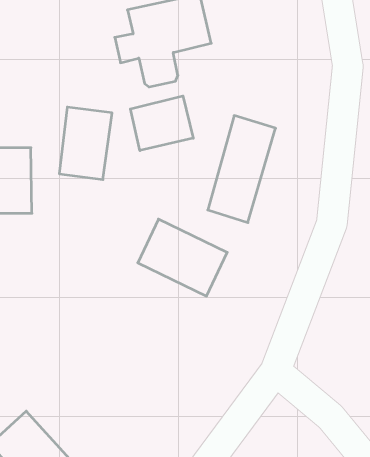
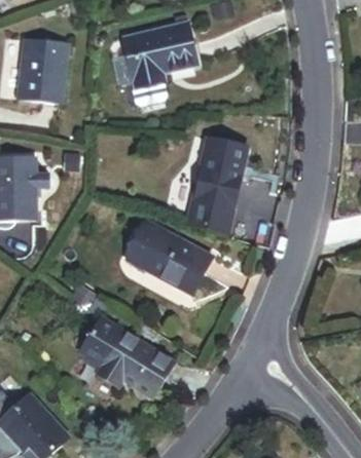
building: [130,96,193,151] -> none
building: [59,107,112,180] -> [21,42,68,107]
building: none -> [85,320,175,400]

